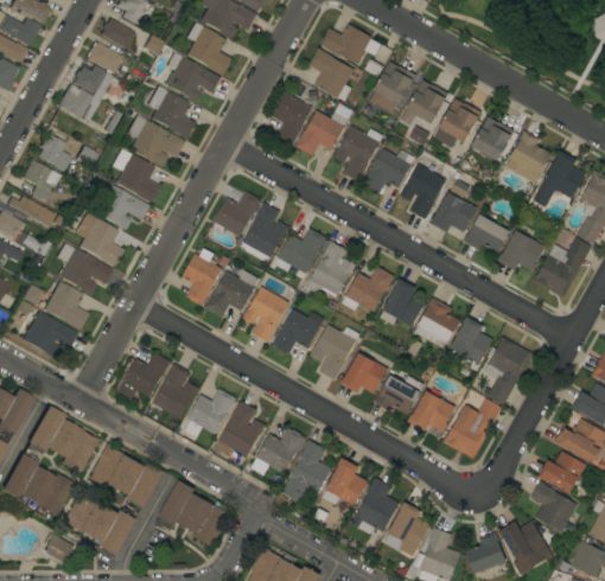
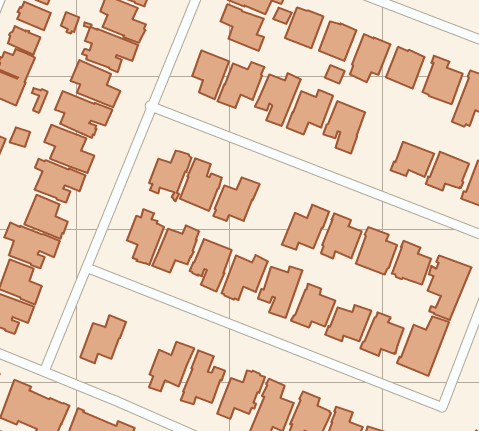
building: [429,184,477,232] -> none
building: [305,241,354,296] -> none
building: [152,363,198,419] -> none

